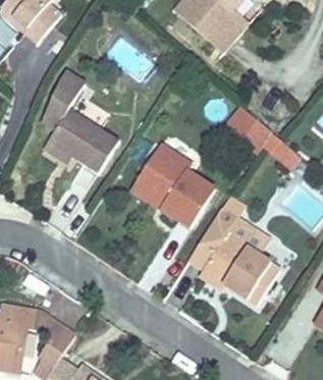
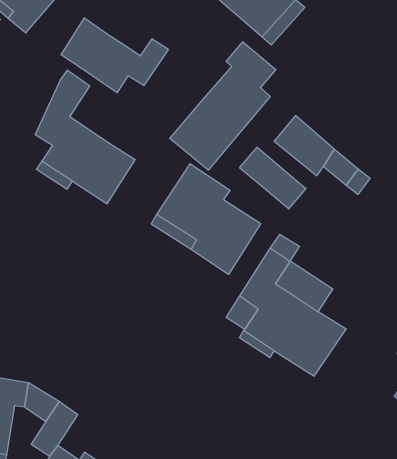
building: none -> [61,18,168,93]
building: none -> [170,42,276,170]
building: none -> [240,147,306,209]

